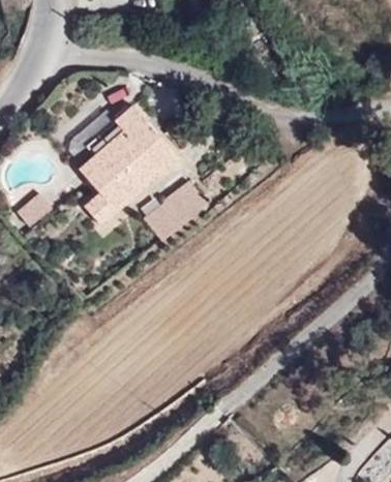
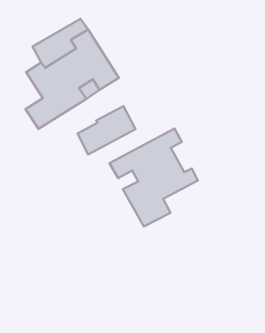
building: none -> [110,129,198,227]

